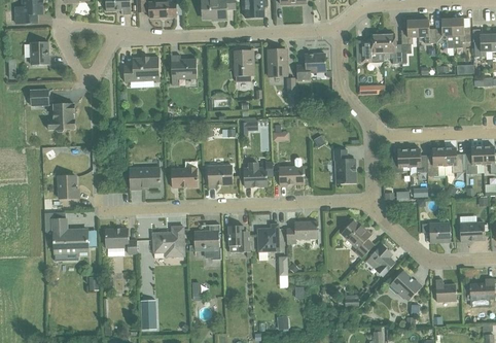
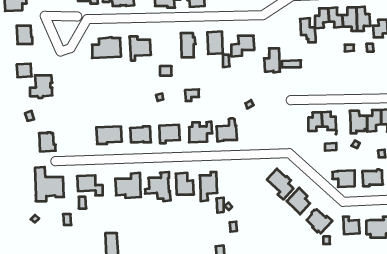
building: [363,33,383,63] -> [264,48,280,72]
building: [426,147,445,176] -> none
building: [333,149,355,183] -> none
building: [286,220,317,243] -> none

